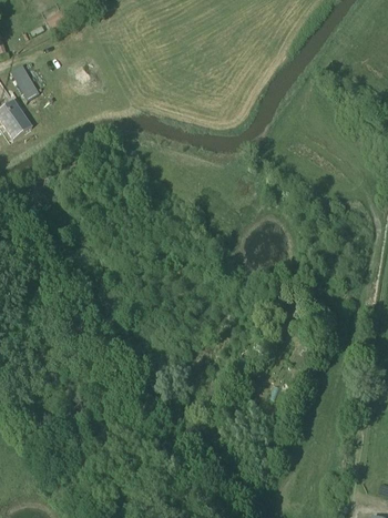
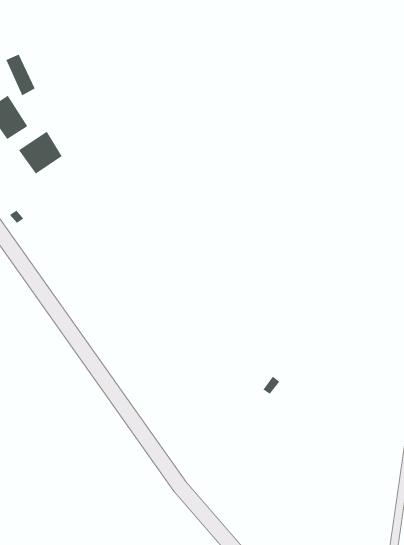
building: none -> [18,131,62,175]

